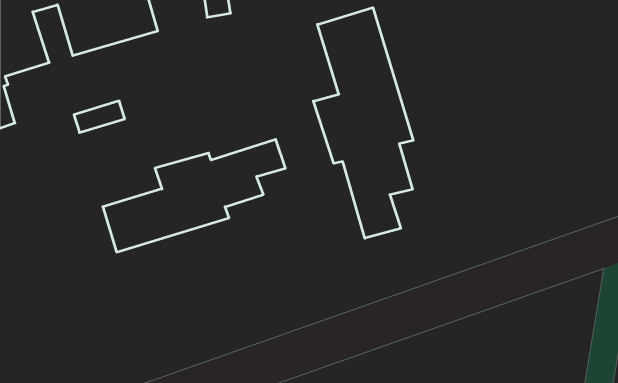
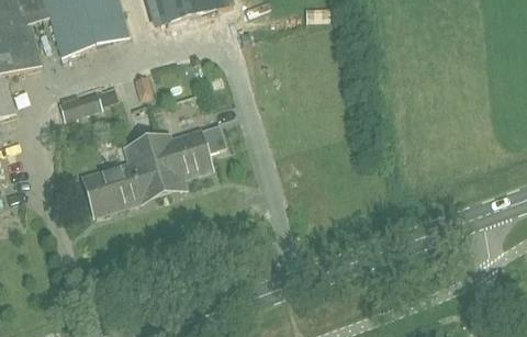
building: [313,8,413,238] -> none

